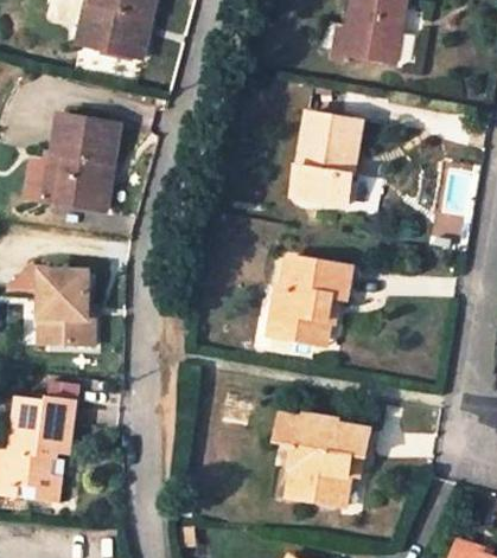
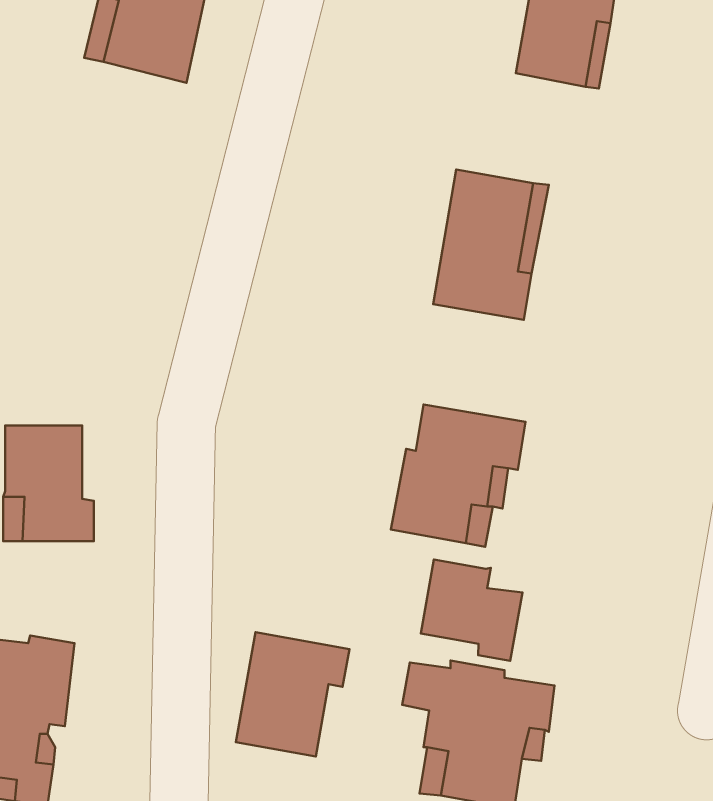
building: [34,116,119,209] -> none
building: none -> [421,559,523,661]
building: none -> [236,632,350,756]

